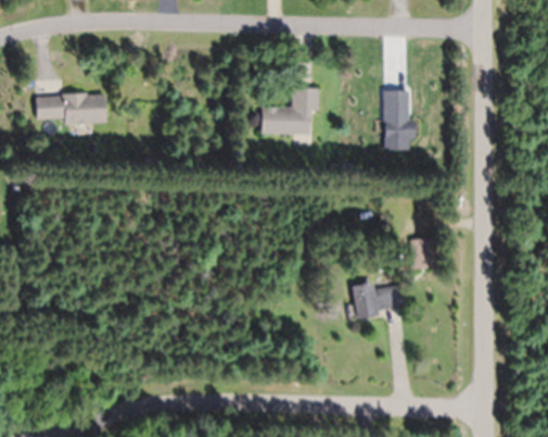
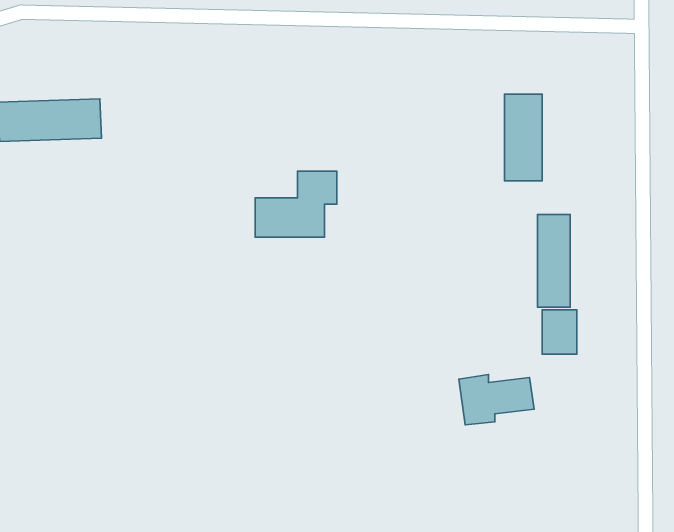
building: [262,88,318,134] -> [255,171,337,237]
building: none -> [538,215,570,307]

